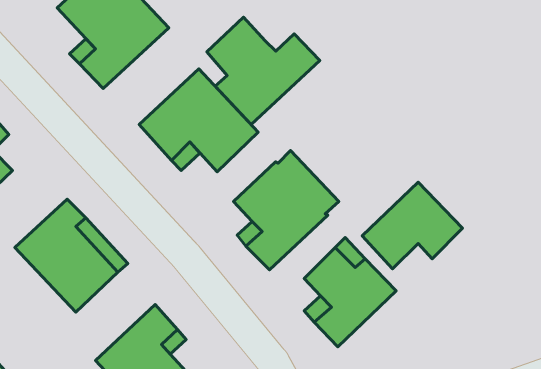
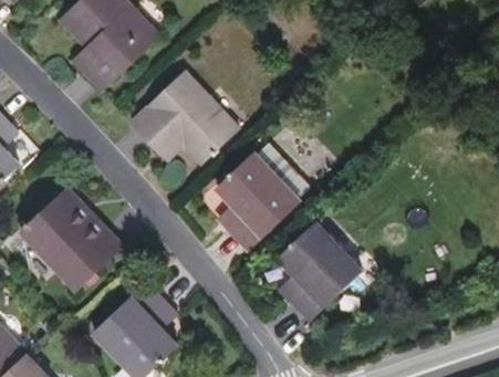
building: [207,17,320,125] -> none
building: [362,182,463,269] -> none

